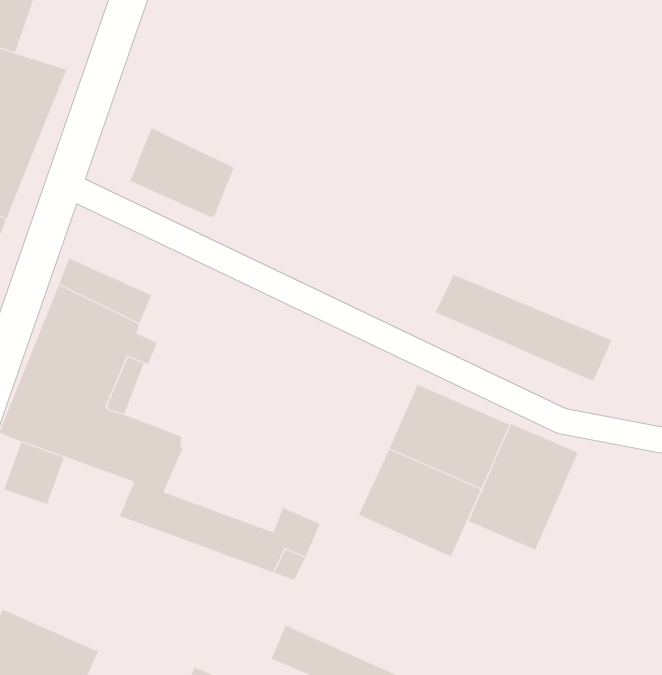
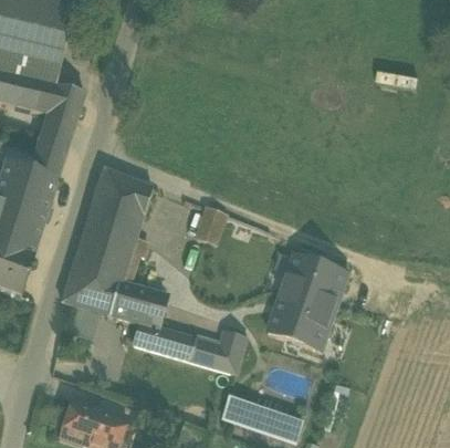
building: [129,128,234,219] -> [93,166,151,215]
building: [435,274,612,382] -> none
building: [468,423,579,551] -> none

